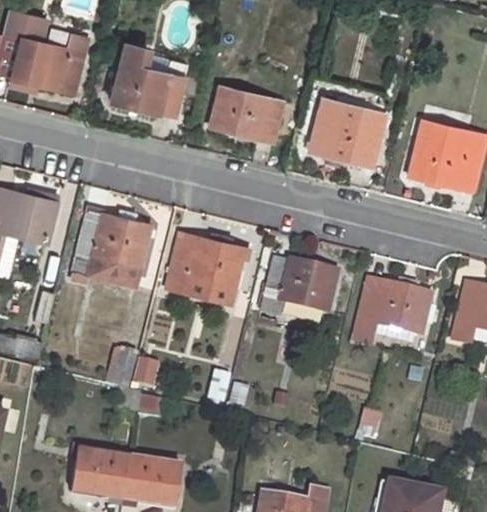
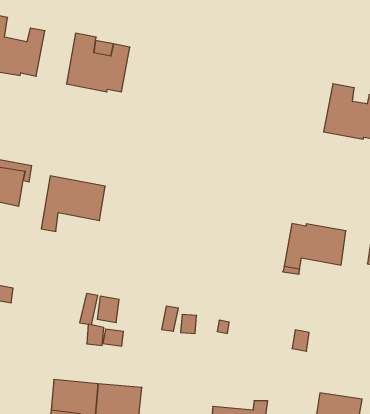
building: [210,87,282,140] -> none
building: [309,111,385,164] -> none
building: [168,234,243,303] -> none
building: [89,254,141,287] -> none
building: [259,258,336,316] -> none

